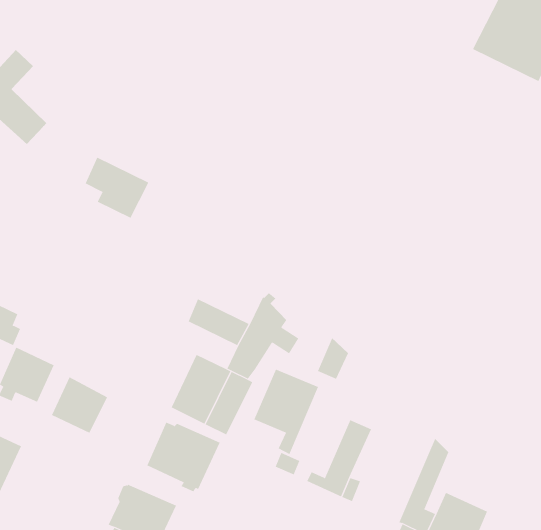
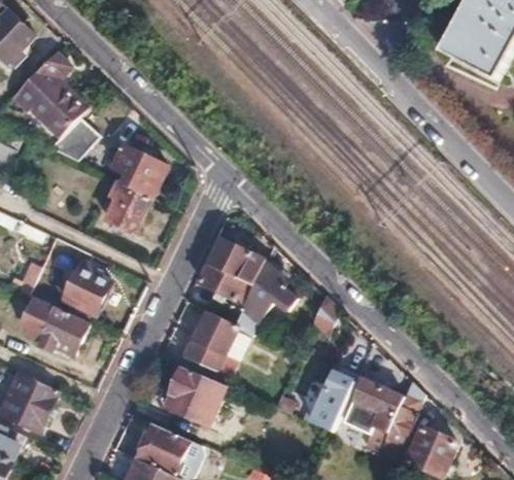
building: none -> [49,117,96,160]
building: none -> [107,179,151,232]
building: none -> [208,239,265,285]
building: [254,369,319,455] -> [348,381,404,454]
building: [51,376,108,433] -> [61,265,109,313]

